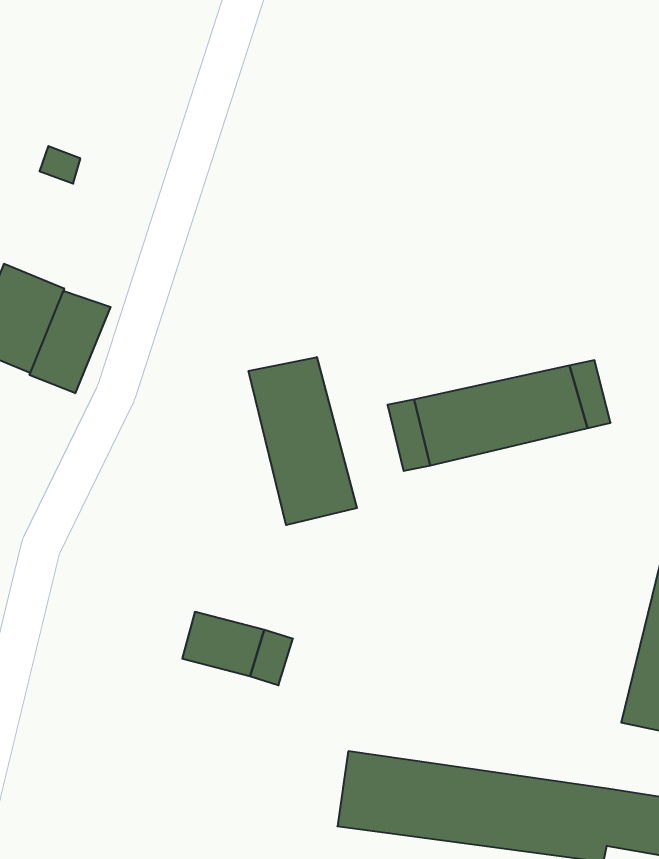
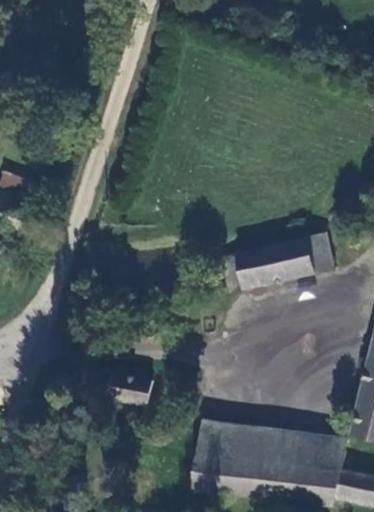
building: [30,291,111,393] -> none
building: [249,357,357,525] -> none
building: none -> [197,419,348,469]

